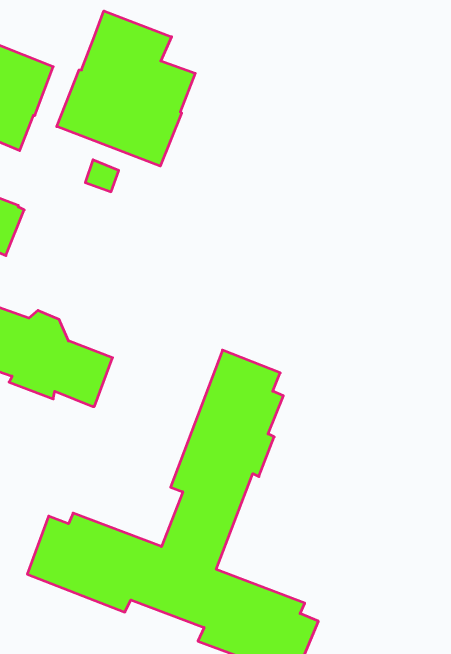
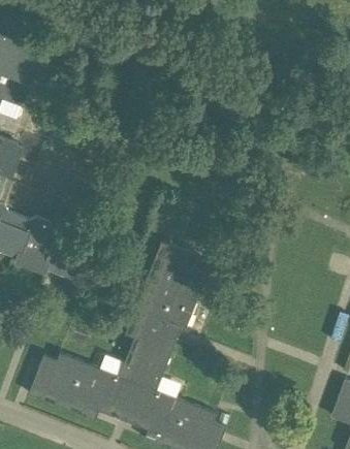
building: [57,11,195,166] -> none

